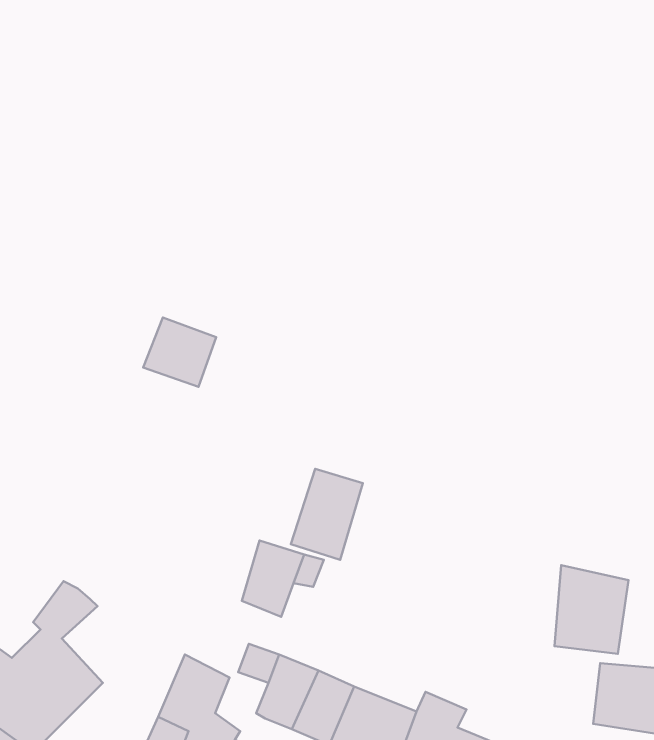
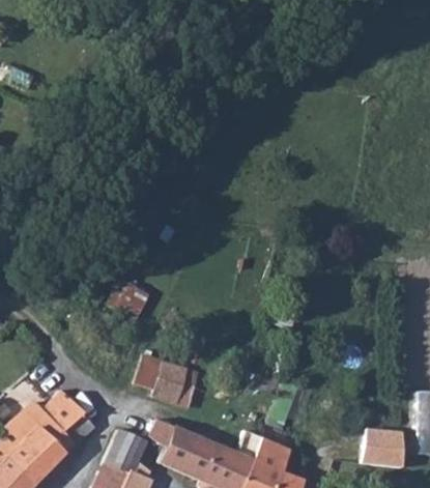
building: [143,317,216,387] -> [104,281,146,321]
building: [291,469,363,560] -> none
building: [555,565,629,654] -> none
building: none -> [50,399,98,448]

